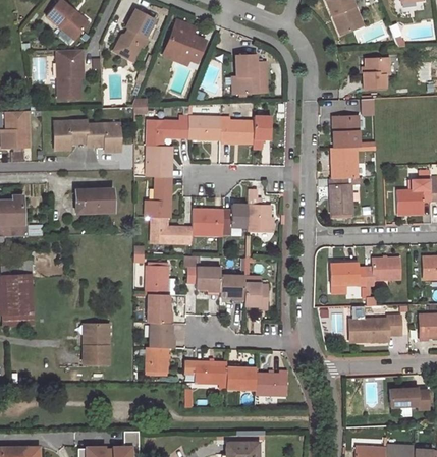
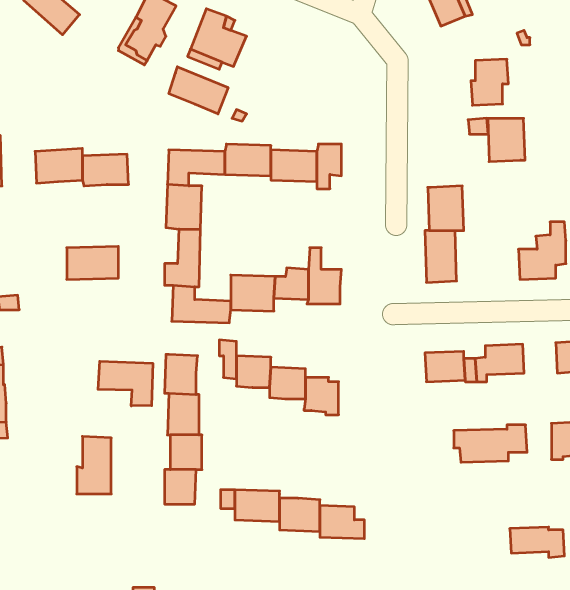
building: [56,49,83,98] -> none
building: [234,54,266,94] -> none
building: none -> [169,67,228,114]
building: [333,117,360,148] -> [488,118,525,162]
building: none -> [98,361,153,406]

